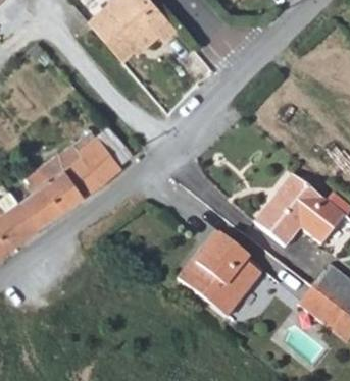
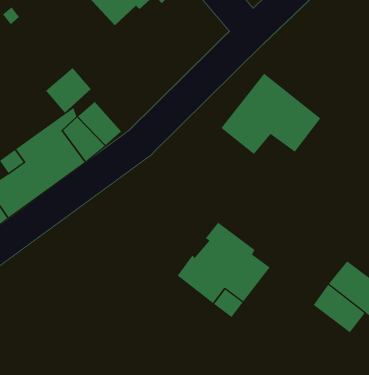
building: none -> [45,67,92,114]
building: [256,173,344,244] -> [220,73,321,155]

